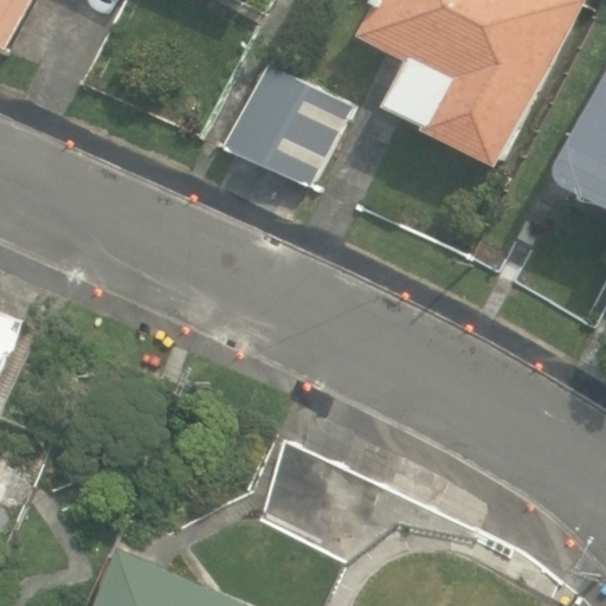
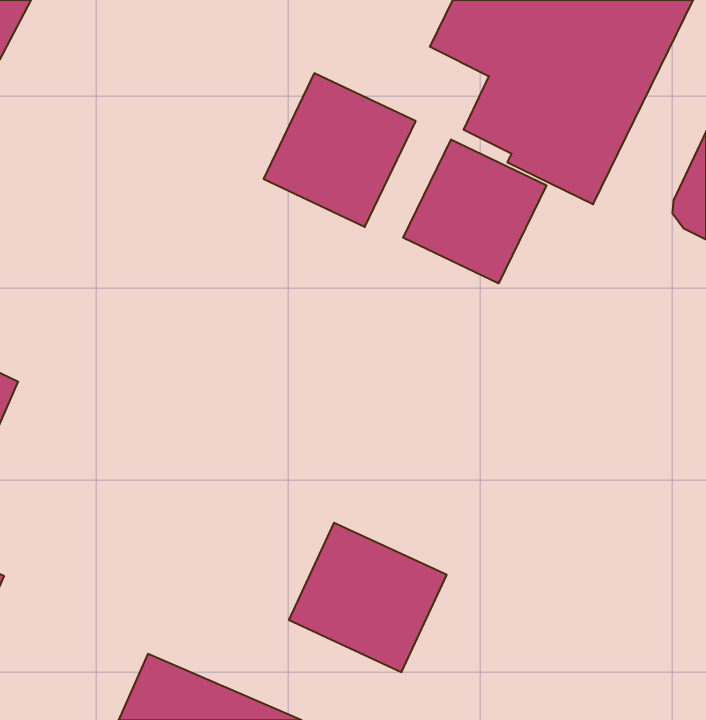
building: none -> [403,139,546,283]

